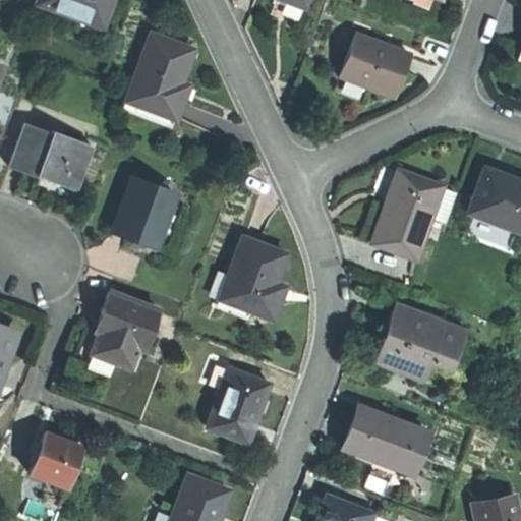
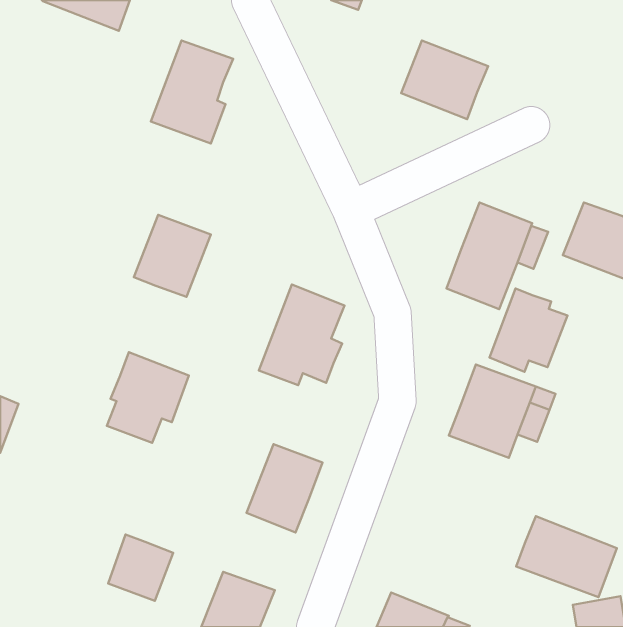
building: [9,121,94,188] -> none
building: none -> [489,288,568,372]
building: [345,406,428,473] -> [516,516,617,597]
building: [31,431,84,486] -> [108,534,173,601]

